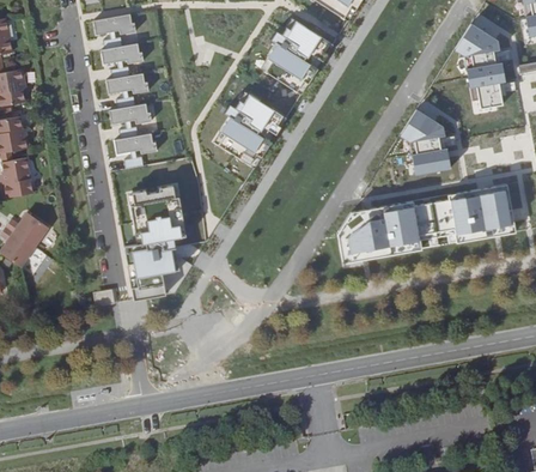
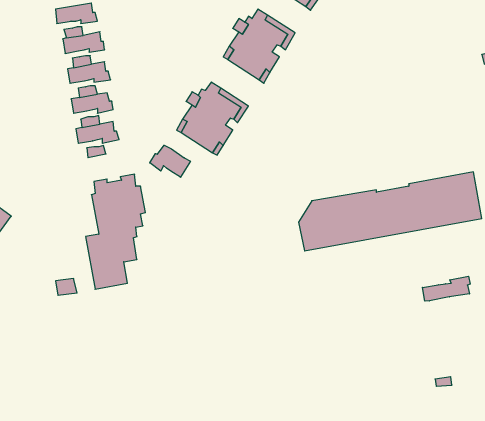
building: [453,19,512,109] -> none
building: [400,108,451,174] -> none
building: none -> [150,145,190,177]
building: none -> [422,276,470,301]

